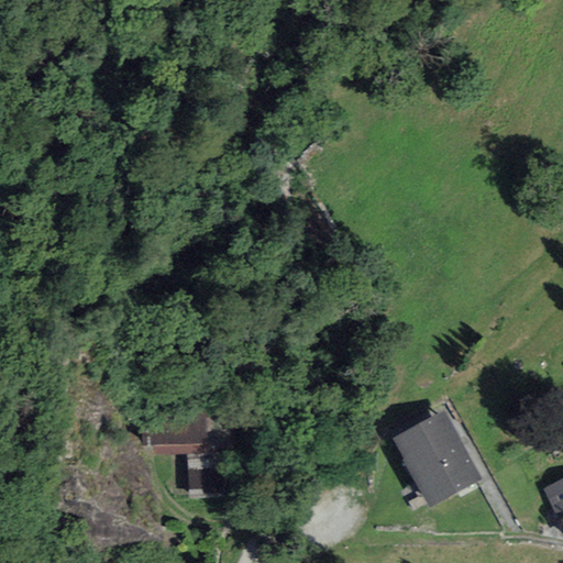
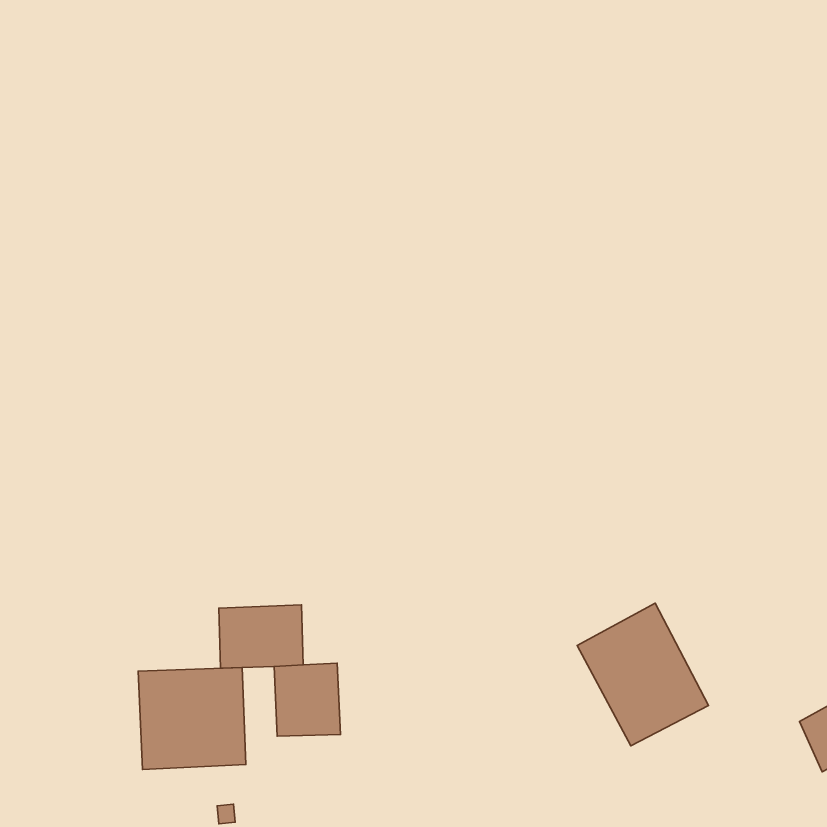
building: none -> [138,667,246,769]

